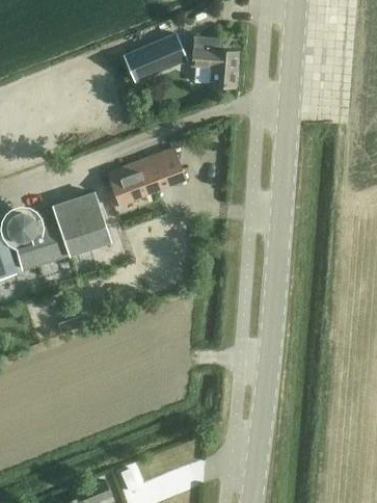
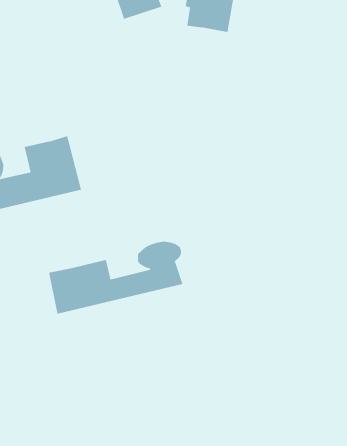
building: [107,148,186,207] -> none
building: none -> [49,241,183,314]

